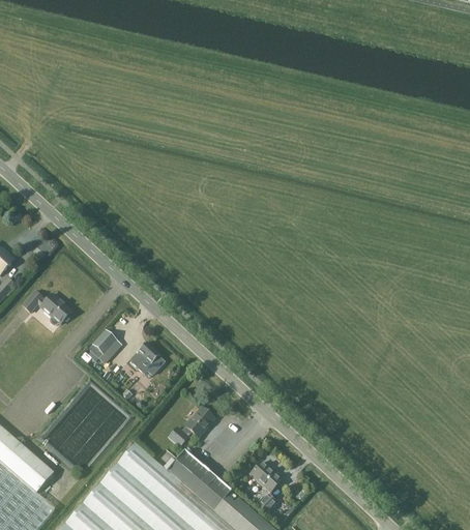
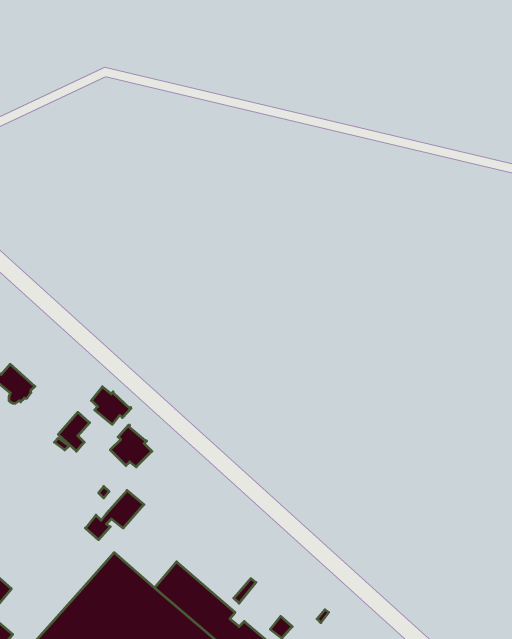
building: none -> [91,387,131,424]
building: [168,408,214,447] -> [85,490,144,540]
building: [249,463,282,494] -> none

